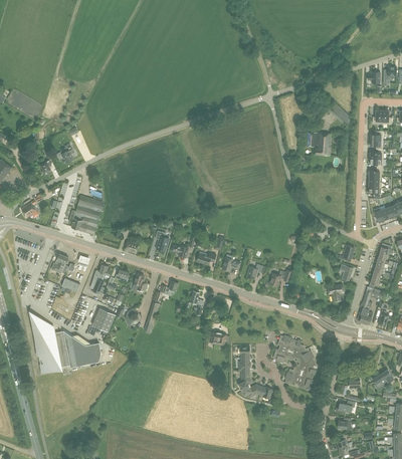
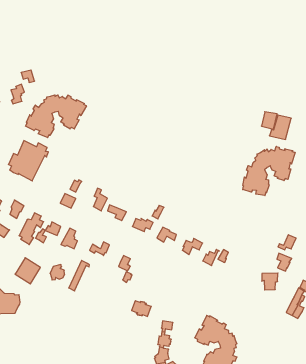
building: none -> [26,95,86,138]
building: none -> [243,146,295,196]

